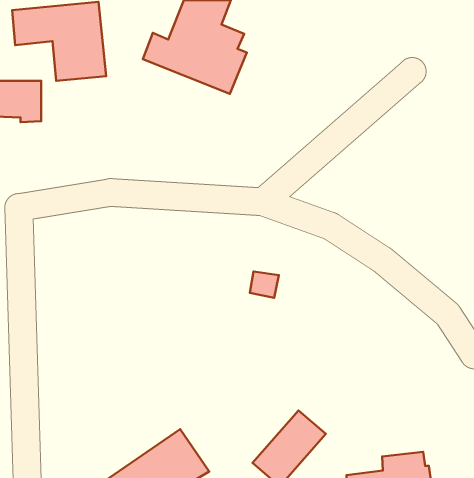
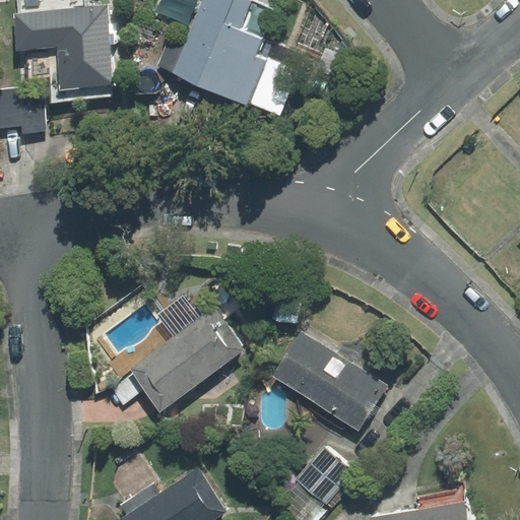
building: none -> [108,310,243,409]
building: none -> [271,315,396,432]

